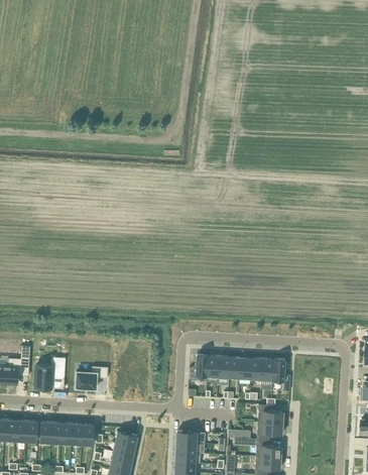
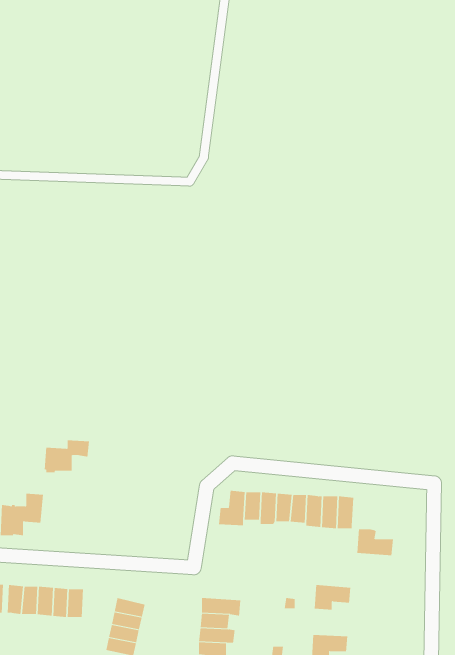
building: [76,367,108,390] -> [44,440,90,473]
building: [257,405,283,425] -> [357,529,394,556]
building: [255,440,281,459] -> none

